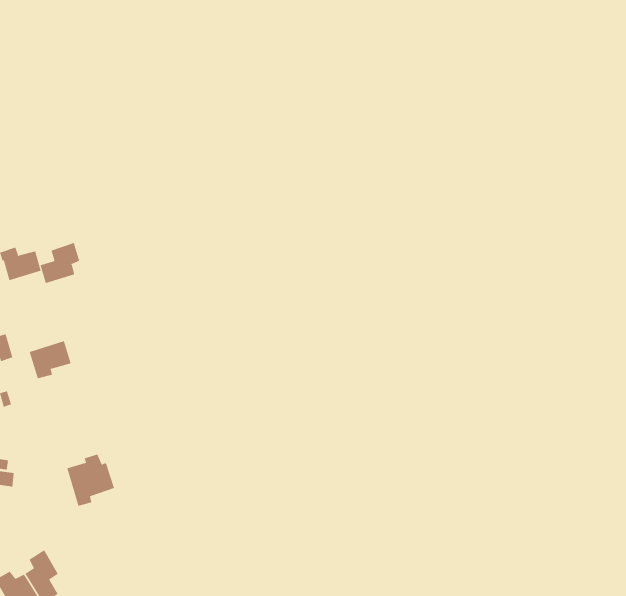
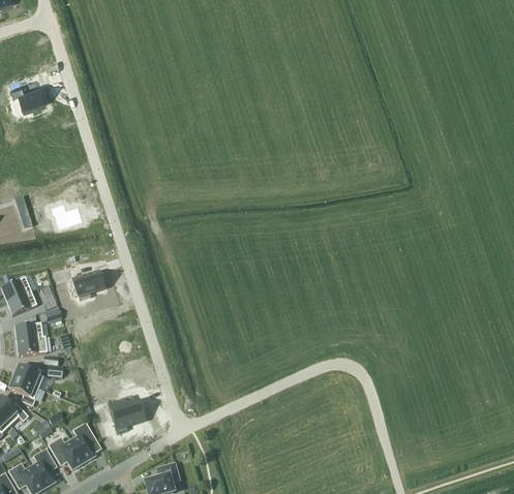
building: [40,242,80,284] -> none
building: [67,454,115,507] -> [109,395,144,433]

